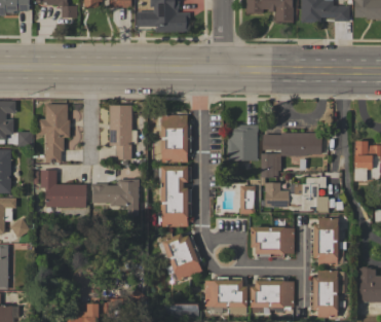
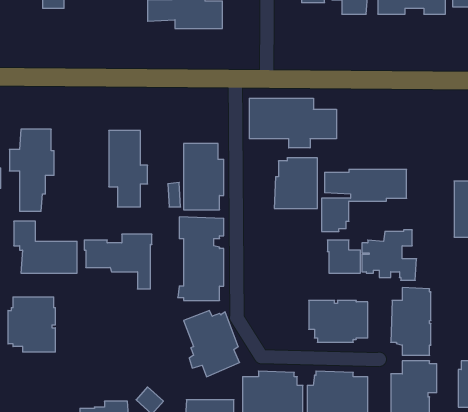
building: none -> [249,98,336,148]
building: [239,185,255,214] -> none
building: none -> [8,297,55,352]

